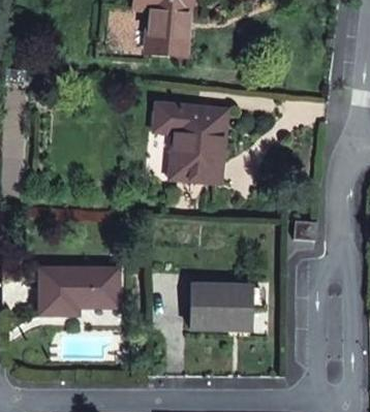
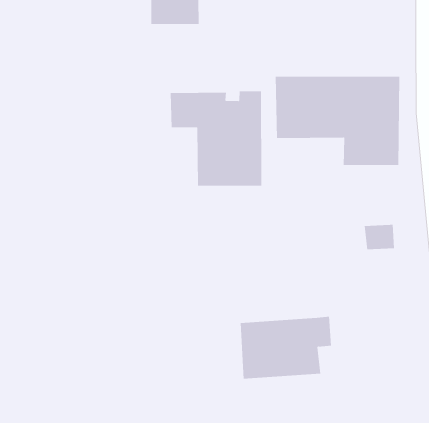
building: none -> [275,76,400,166]
building: [40,268,118,314] -> none

